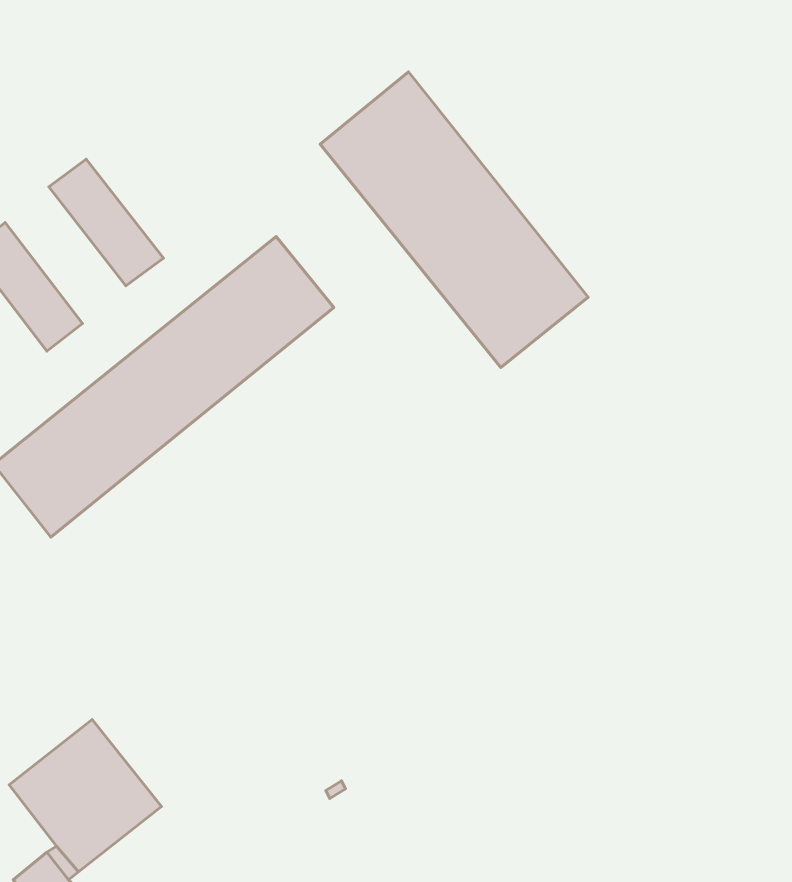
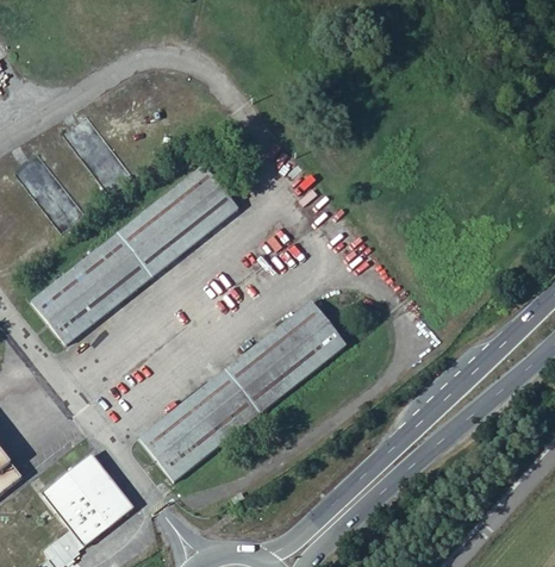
building: [320,72,588,368] -> none
building: none -> [139,300,347,480]

